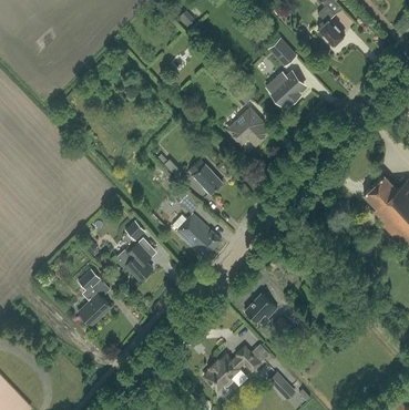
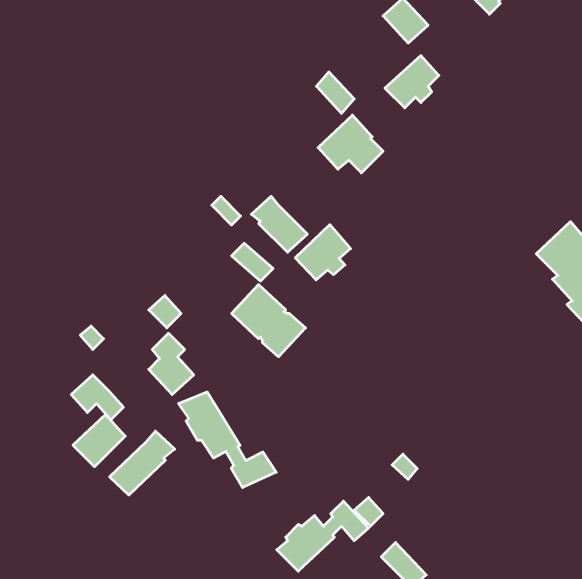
building: none -> [295,225,351,280]
building: none -> [179,392,276,488]
building: [245,294,277,322] -> none
building: none -> [110,431,175,495]

